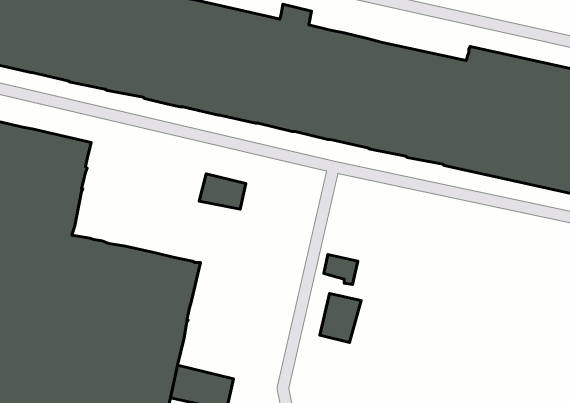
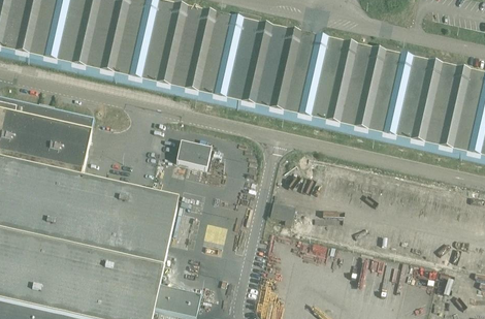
building: [320,294,361,343] -> none

